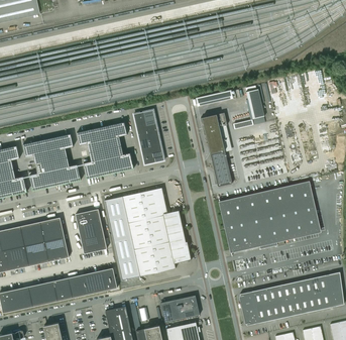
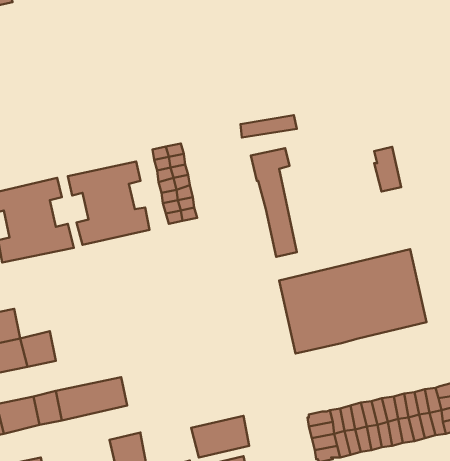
building: [245,89,263,119] -> [374,147,401,192]
building: [104,188,191,280] -> none
building: [75,209,106,253] -> none
building: [39,218,64,242] -> none

